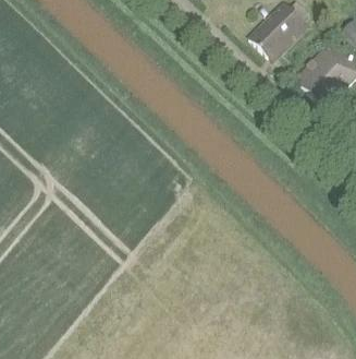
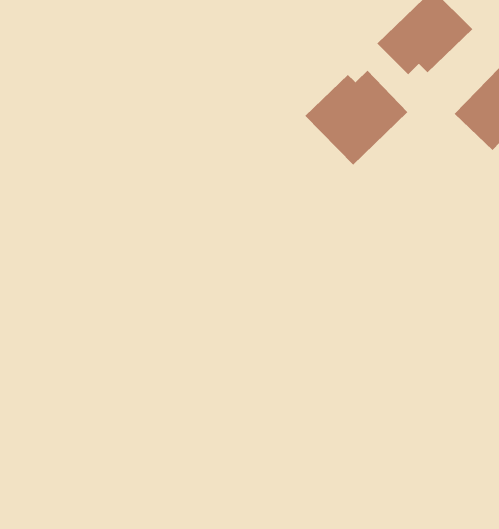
building: none -> [305,70,408,166]

